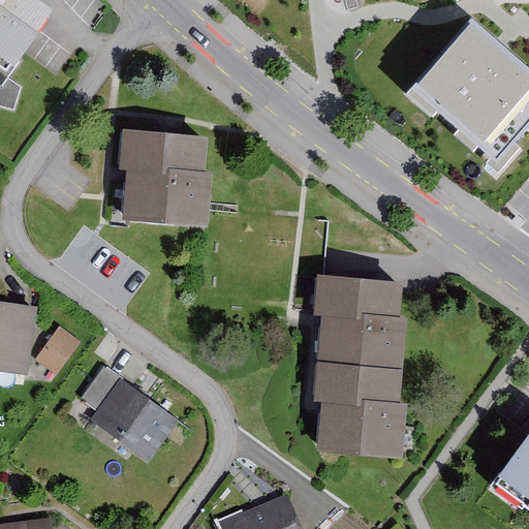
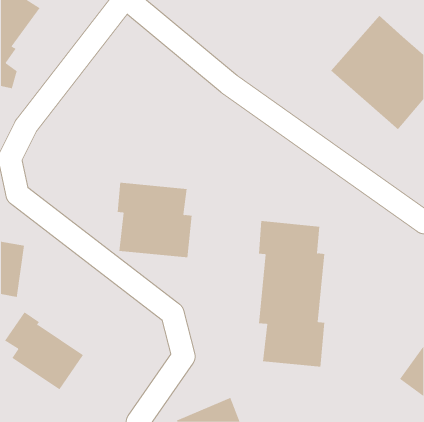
building: [117,130,211,224] -> [117,182,192,258]
building: [35,328,76,374] -> none
building: [79,365,178,463] -> [4,311,84,390]

